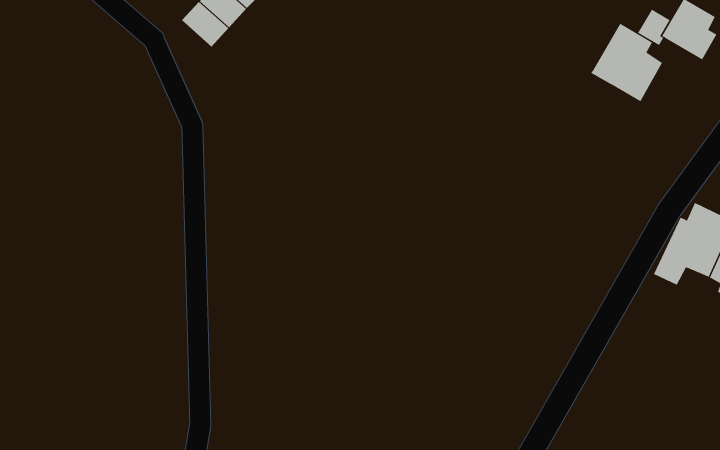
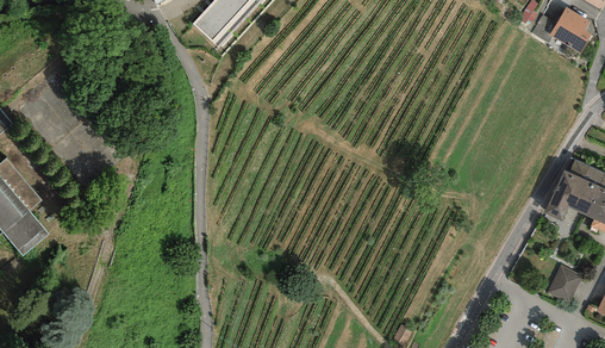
building: [591,23,663,102] -> none
building: none -> [548,265,581,302]

